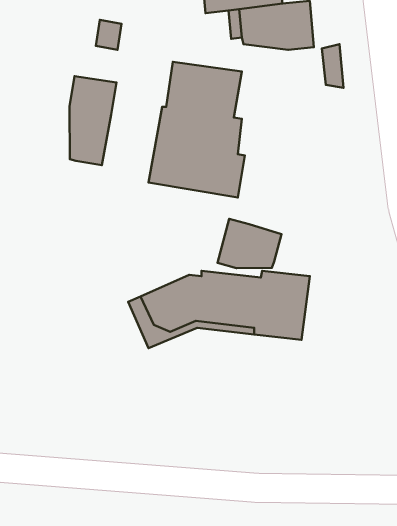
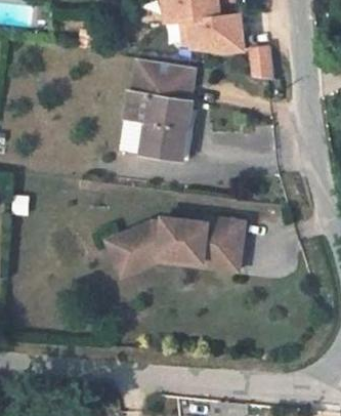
building: [69,76,116,165] -> none
building: [217,219,281,268] -> none

